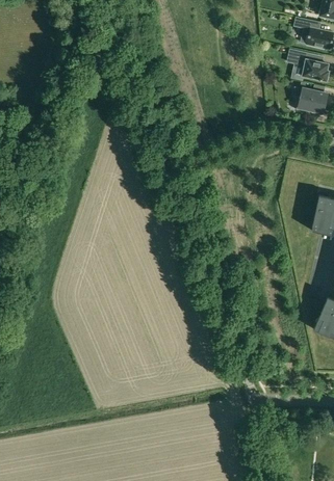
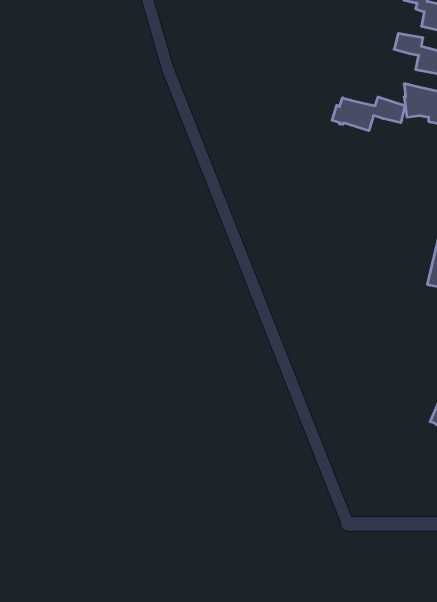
building: none -> [332,97,405,131]

